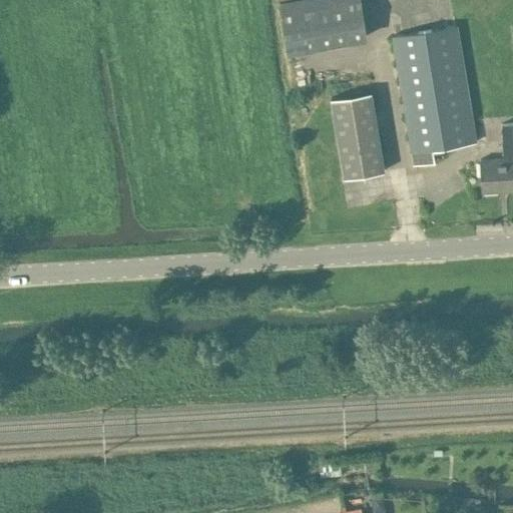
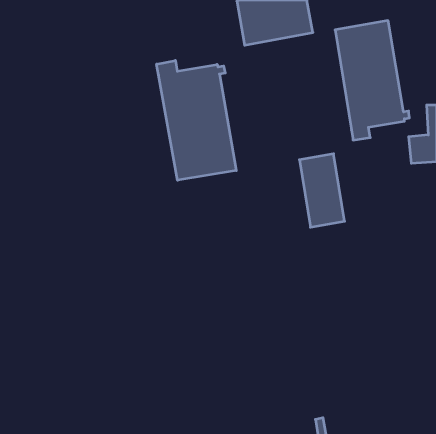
building: none -> [157,60,236,180]
building: [332,94,385,180] -> [299,154,345,227]

